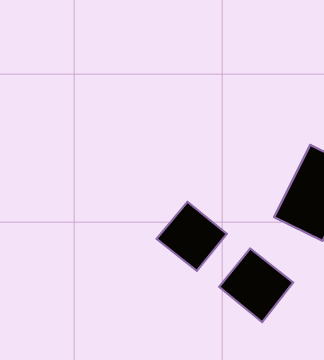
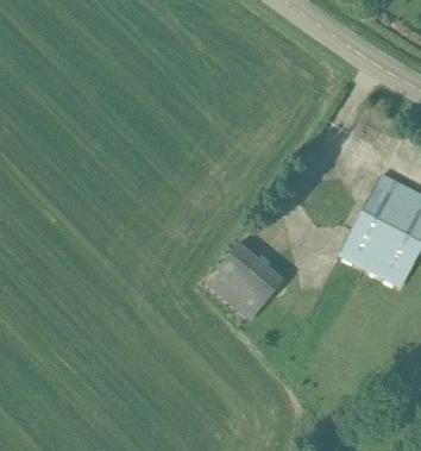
building: [219,248,293,322] -> none

